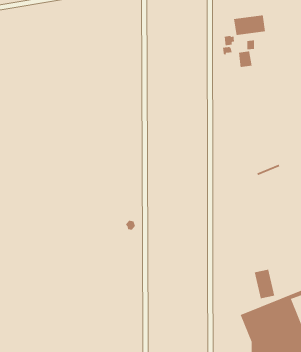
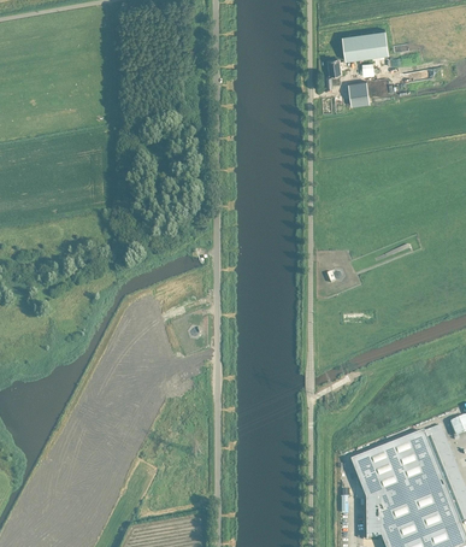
building: [254,269,275,299] -> none

